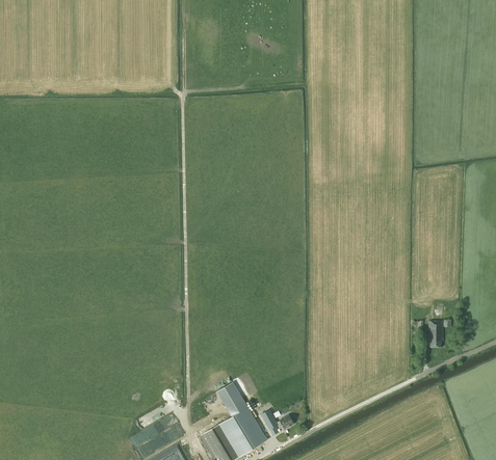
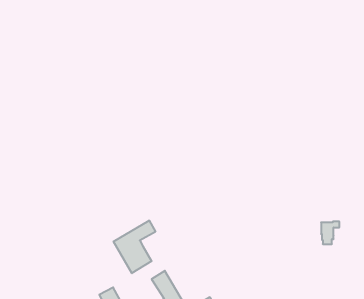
building: none -> [114,220,155,273]

